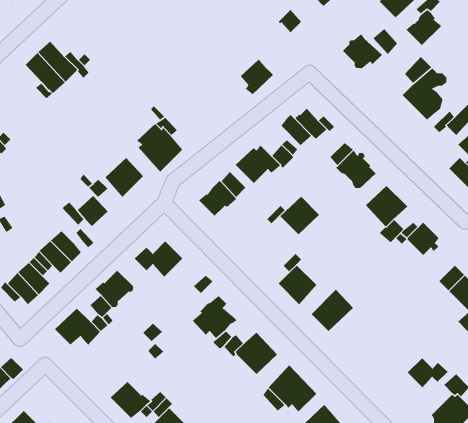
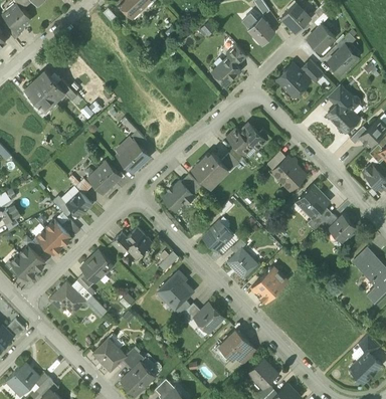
building: [240,59,274,95] -> [214,56,241,85]
building: [280,196,320,235] -> [202,221,234,252]
building: [407,357,448,388] -> none

